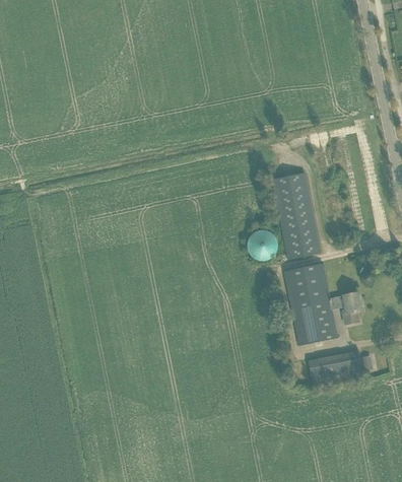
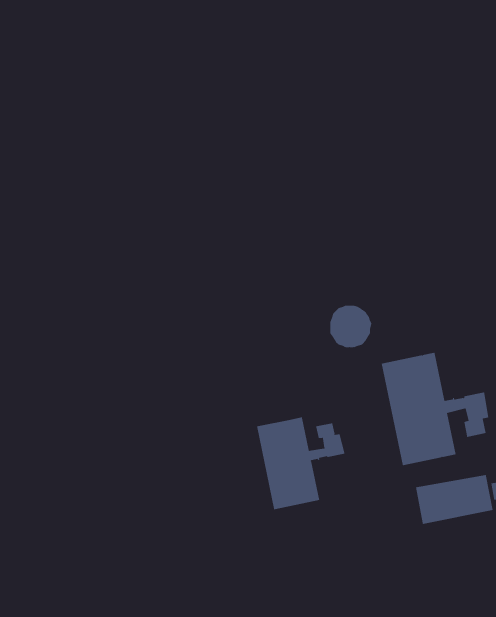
building: [272,171,321,259] -> none
building: none -> [256,416,345,510]

